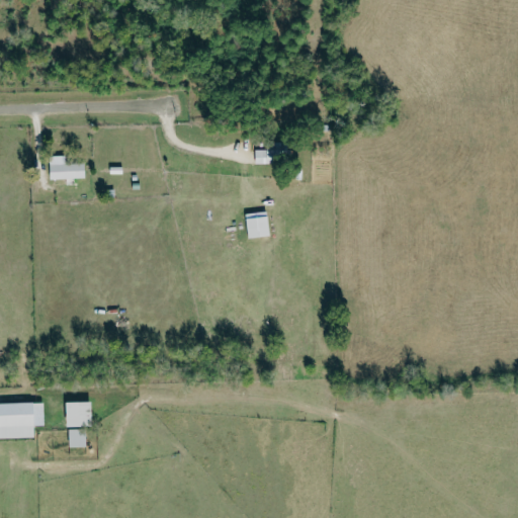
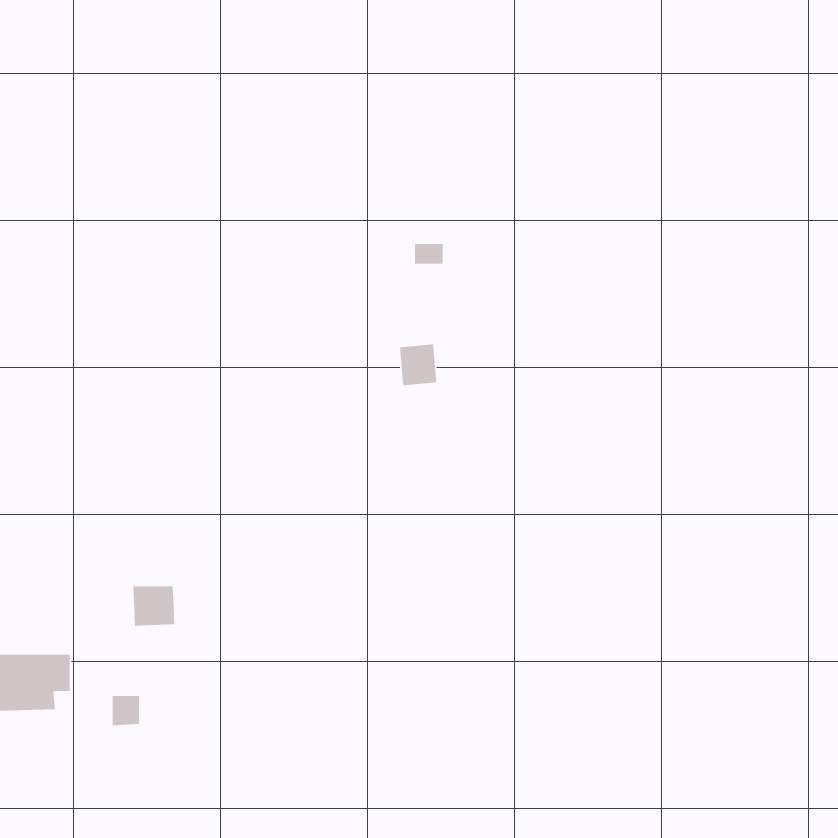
building: [49,155,85,179] -> none
building: [66,402,92,427] -> [132,585,175,627]

